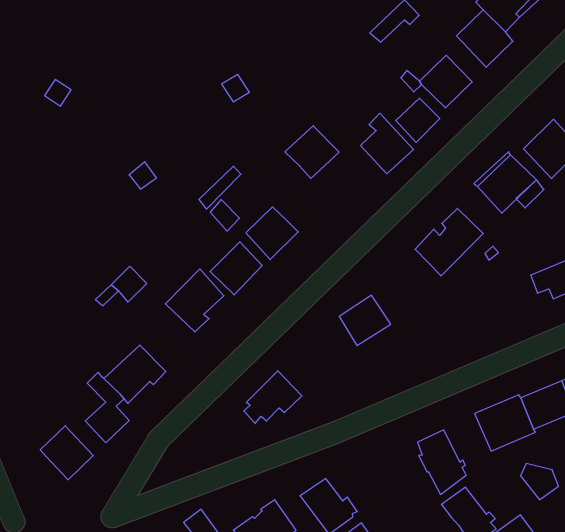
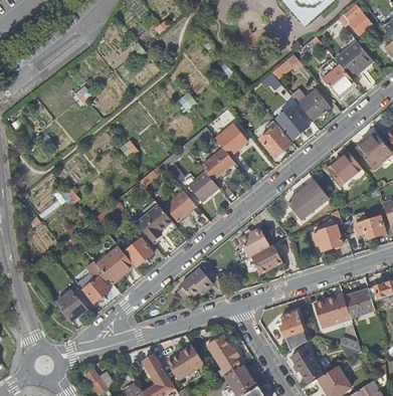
building: none -> [201,148,234,180]
building: none -> [314,224,348,250]
building: none -> [250,244,281,271]
building: none -> [125,238,154,265]

